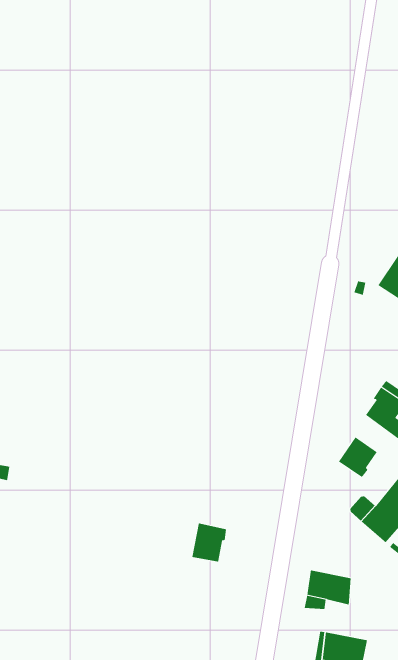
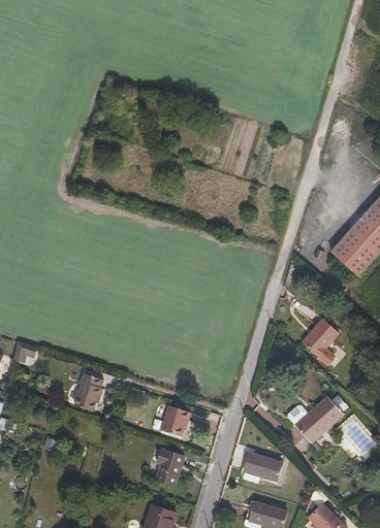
building: [338,436,378,478] -> none
building: none -> [74,374,103,411]
building: none -> [159,450,187,486]

